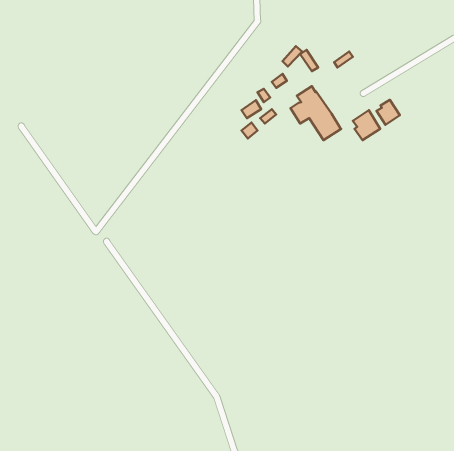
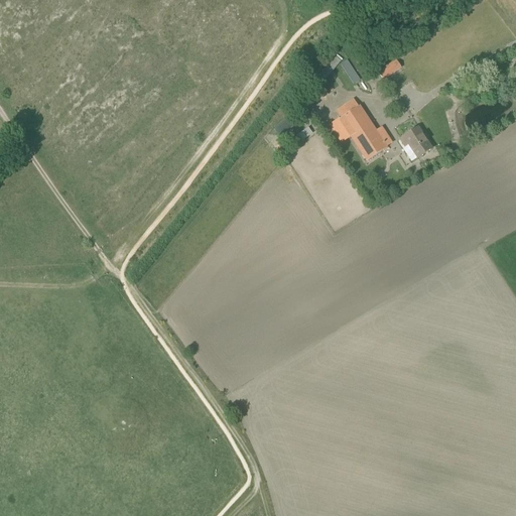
building: [377,100,400,125] -> none

